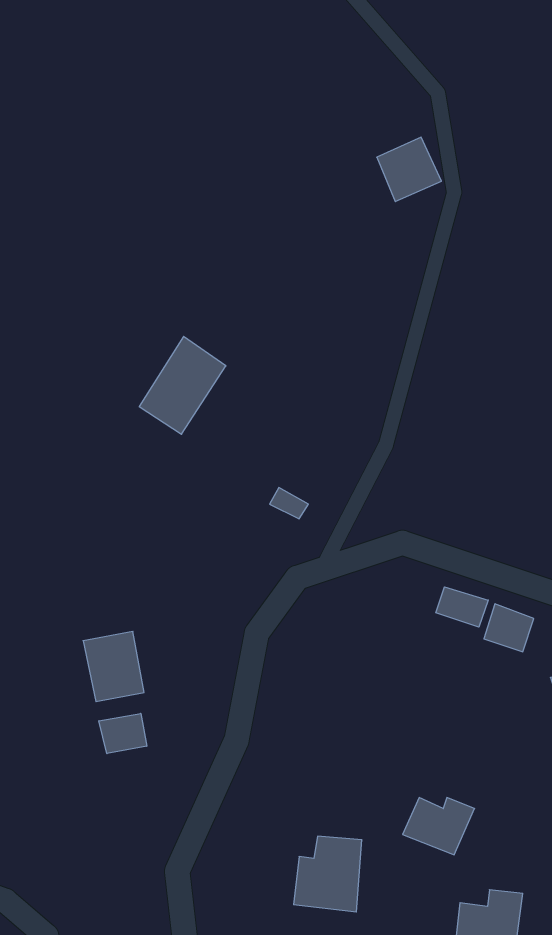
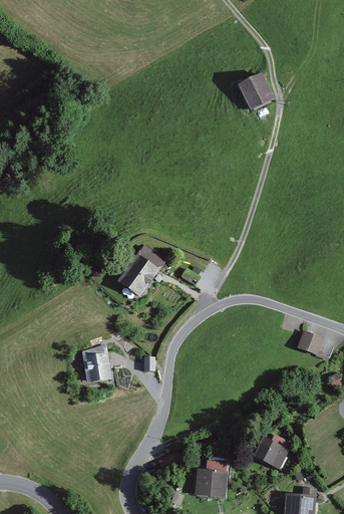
building: [139,336,226,434] -> [117,245,164,298]
building: [436,587,488,627] -> none
building: [99,713,147,754] -> none

